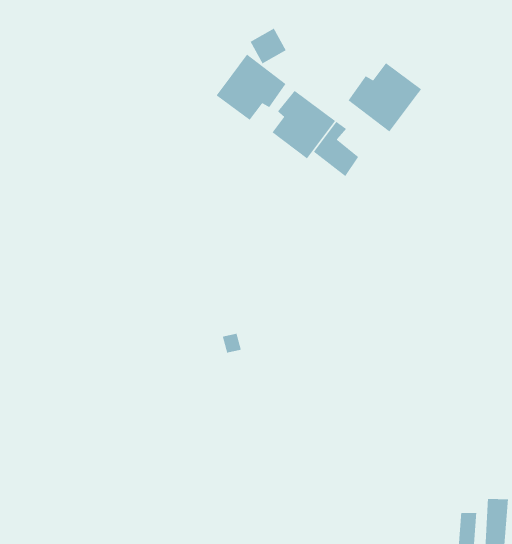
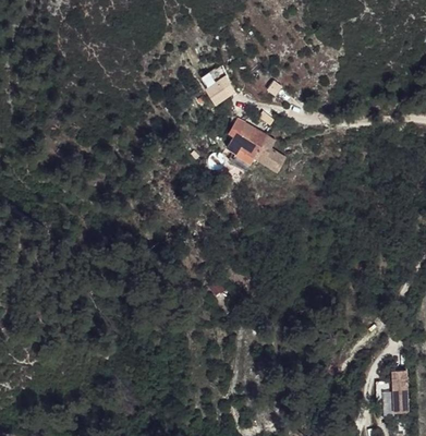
building: [216,54,287,121] -> none
building: [348,62,422,132] -> none

